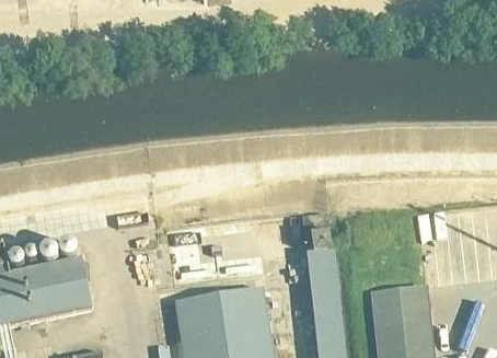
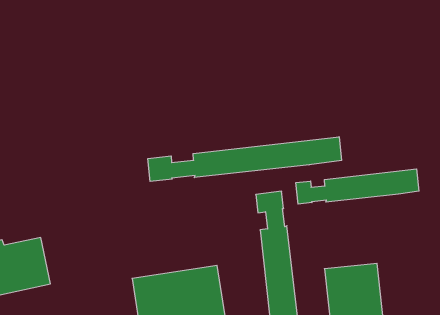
building: none -> [148,137,342,181]
building: none -> [296,169,419,204]

